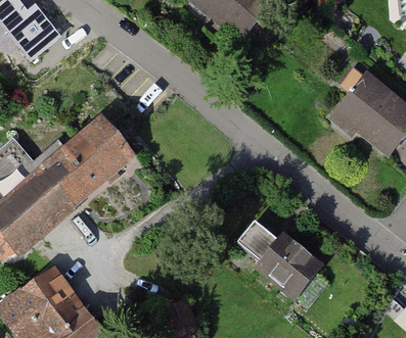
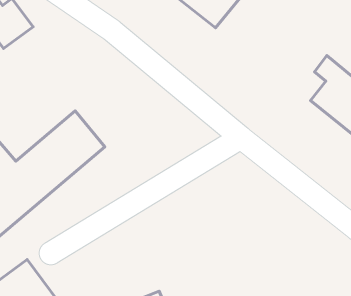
building: [237,221,320,296] -> none

